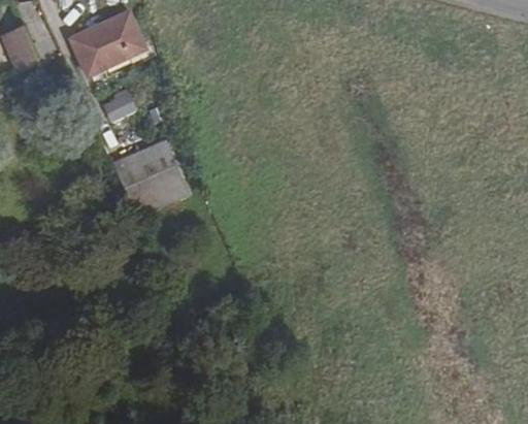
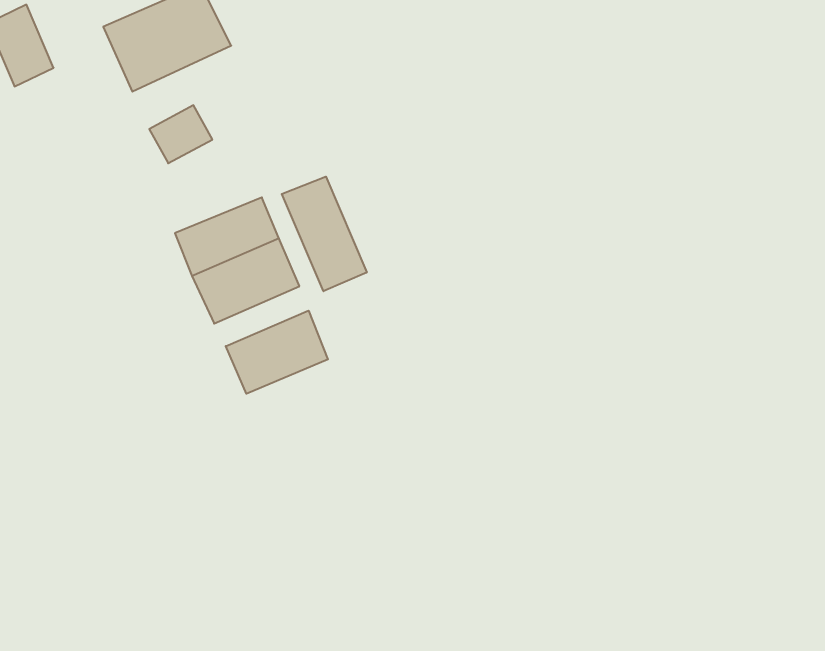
building: none -> [282,177,367,291]
building: none -> [226,311,328,394]

